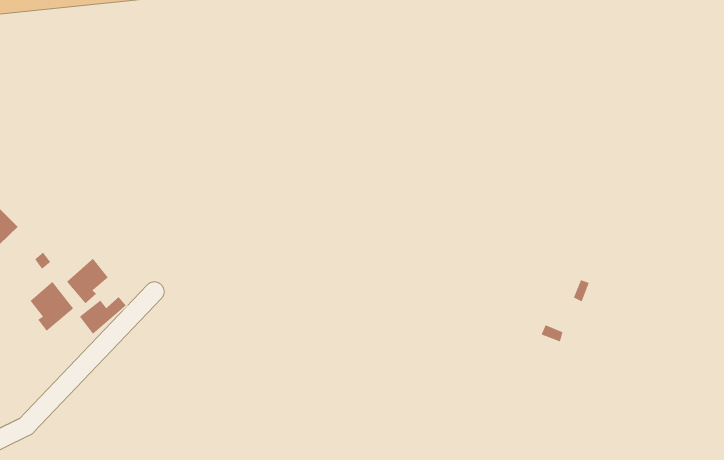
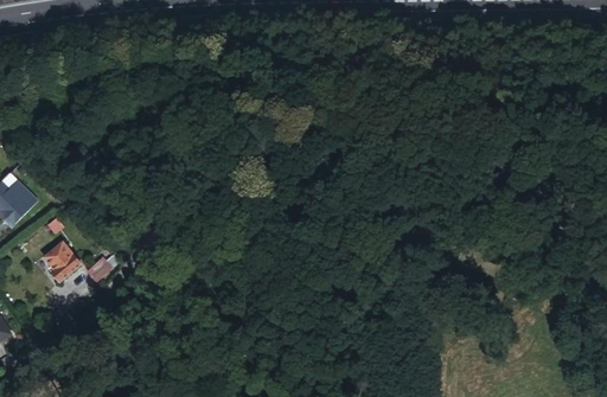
building: [66,258,109,304] -> none

